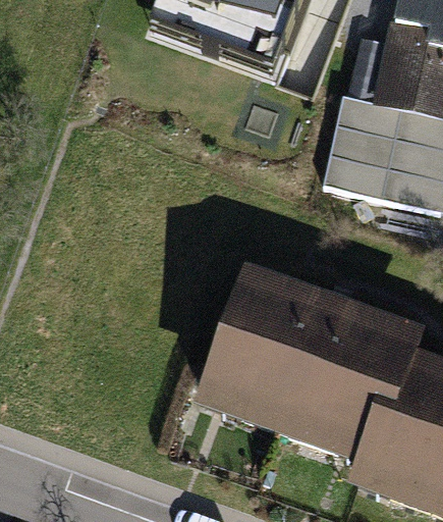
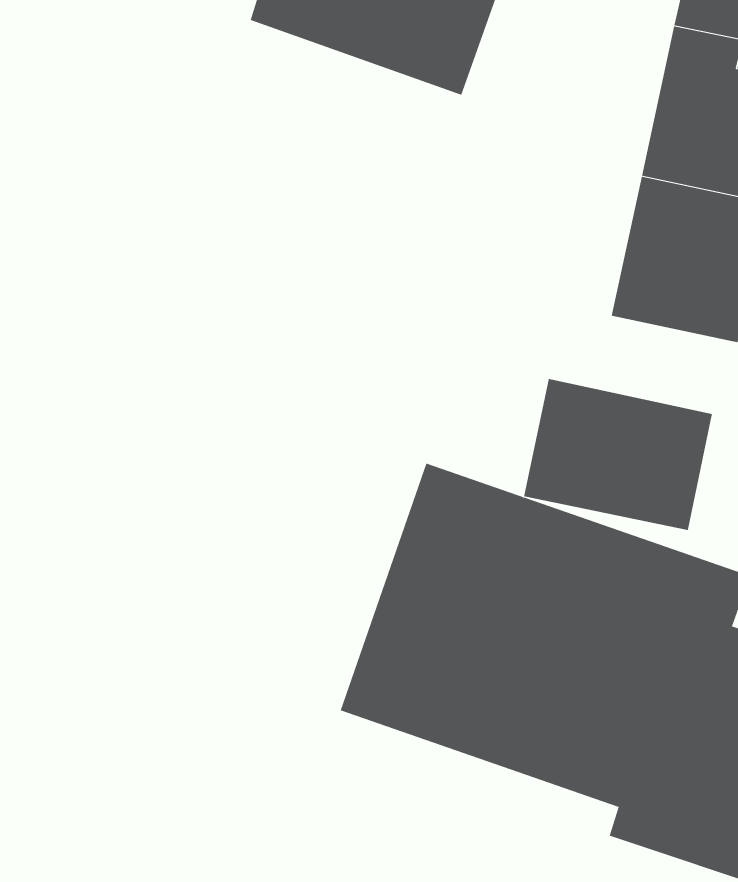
building: none -> [523,378,712,531]

